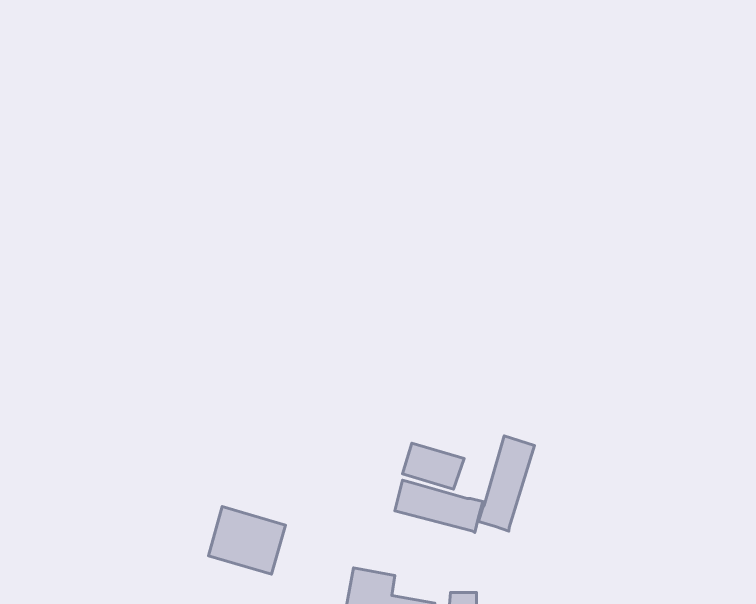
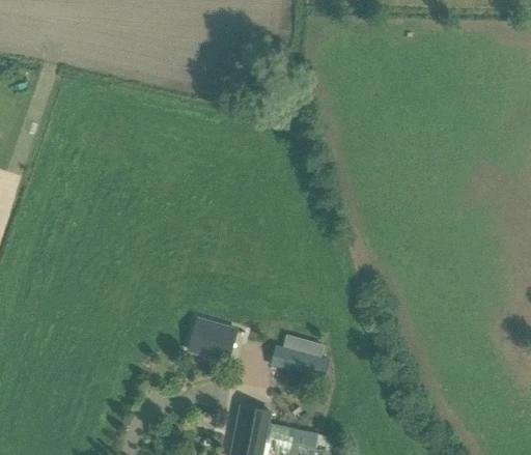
building: [478,436,535,531] -> none
building: [208,507,285,574] -> [187,317,239,363]

